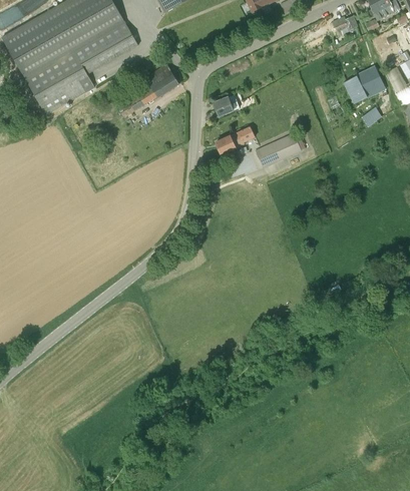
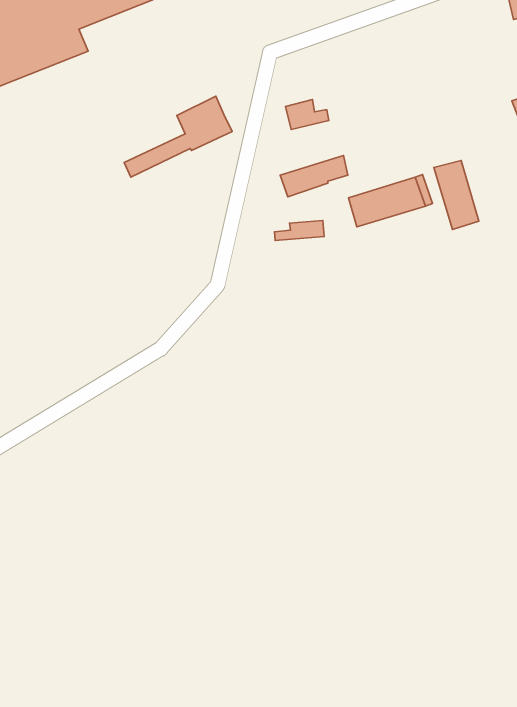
building: [118,64,178,117] -> [124,96,232,177]
building: none -> [434,160,479,229]

